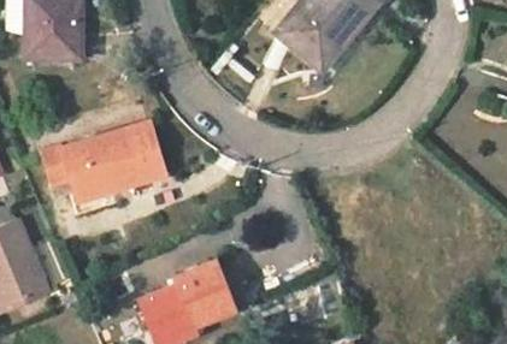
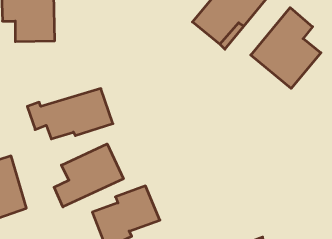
building: none -> [251,8,321,88]
building: none -> [54,144,123,207]

